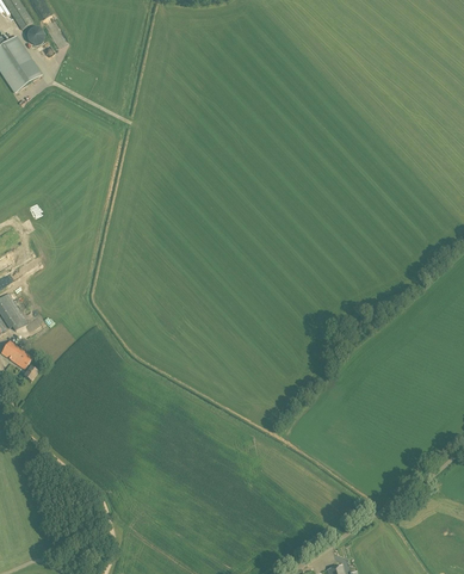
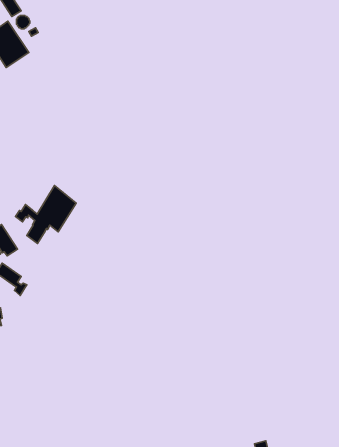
building: none -> [15,185,76,243]

